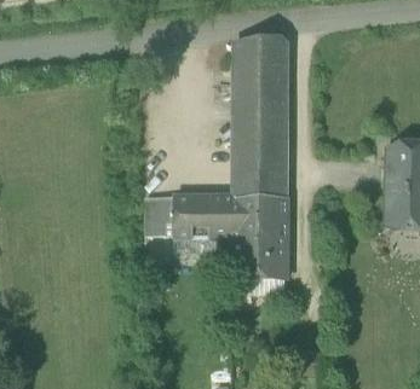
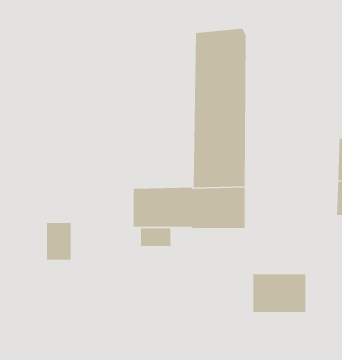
building: [148,194,173,233] -> [46,222,71,260]
building: [232,236,287,275] -> [252,273,306,313]

